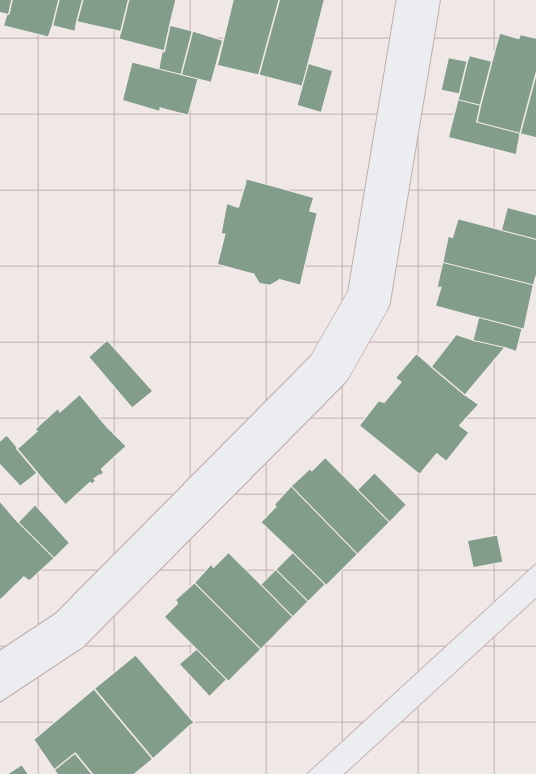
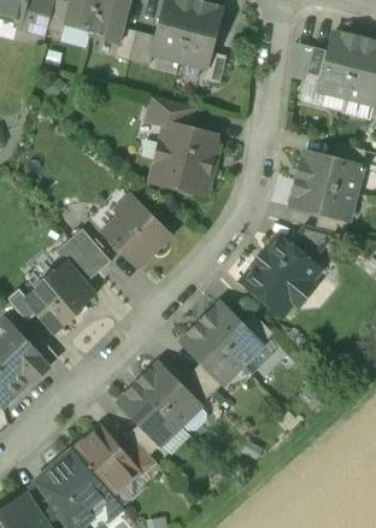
building: [122,62,198,115] -> [146,96,194,130]
building: none -> [105,201,169,265]
building: none -> [54,239,98,284]
building: none -> [114,434,157,477]

